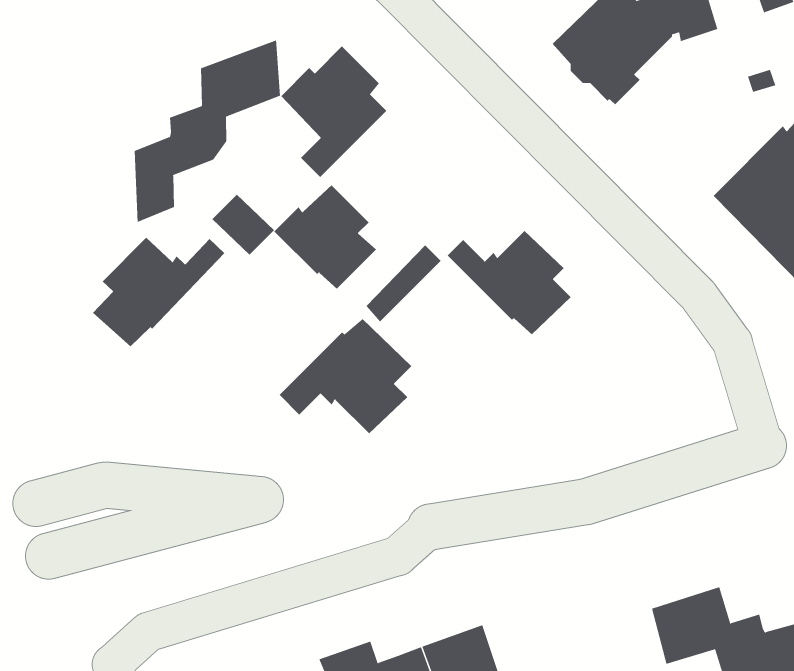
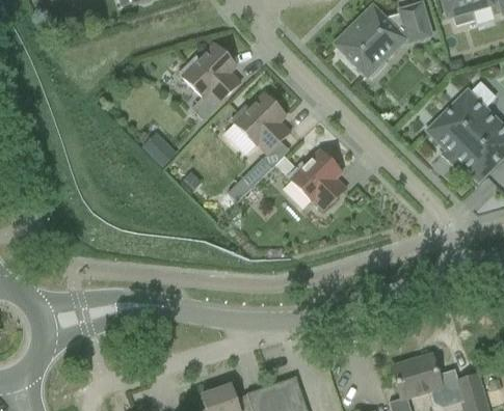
building: [134,40,280,223] -> none
building: [274,184,377,289] -> [232,93,291,154]
building: [92,237,225,347] -> none
building: [279,318,412,434] -> none

